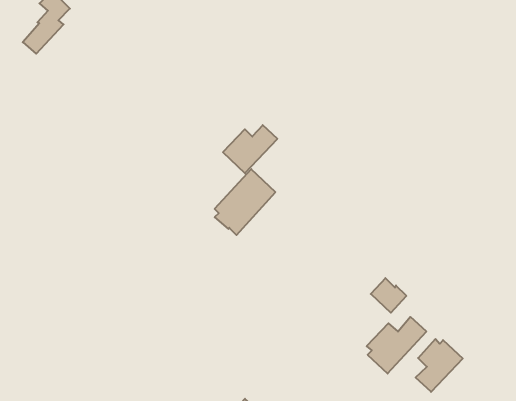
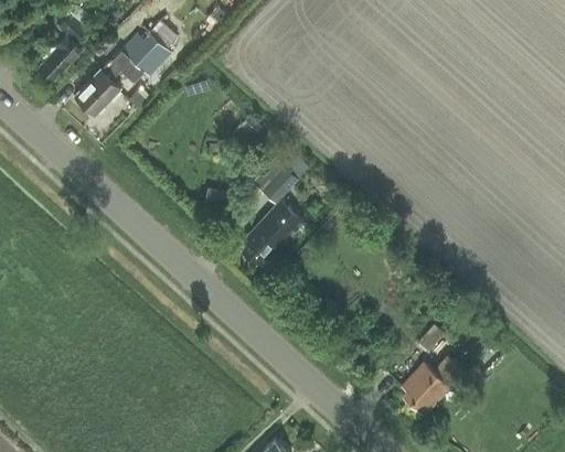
building: none -> [75,28,172,115]
building: [416,339,463,392] -> none

